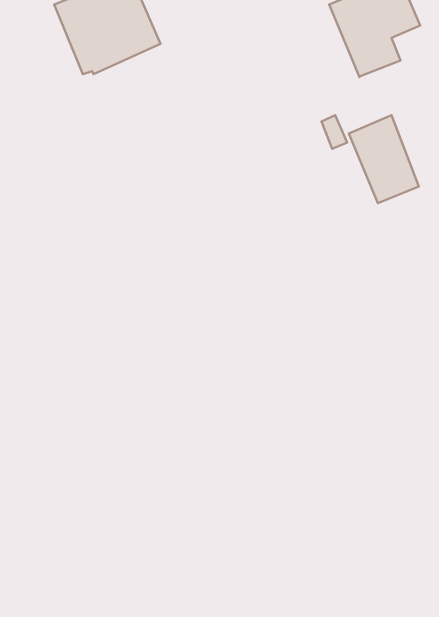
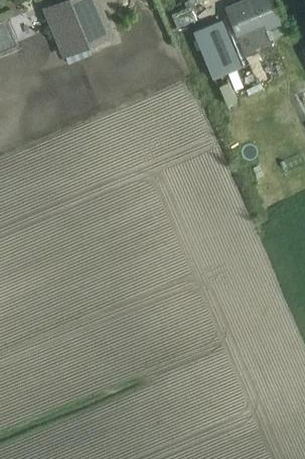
building: [349,115,419,203] -> [192,18,239,77]

